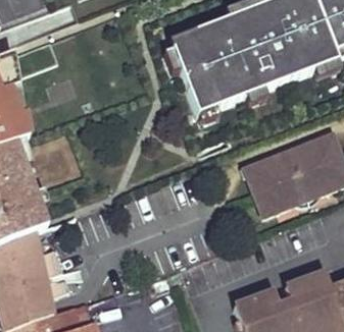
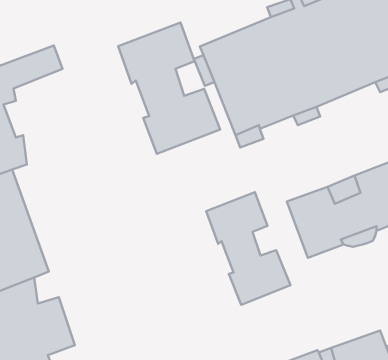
building: none -> [118,23,220,154]
building: none -> [206,192,290,305]

